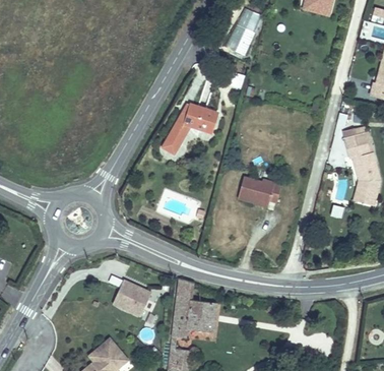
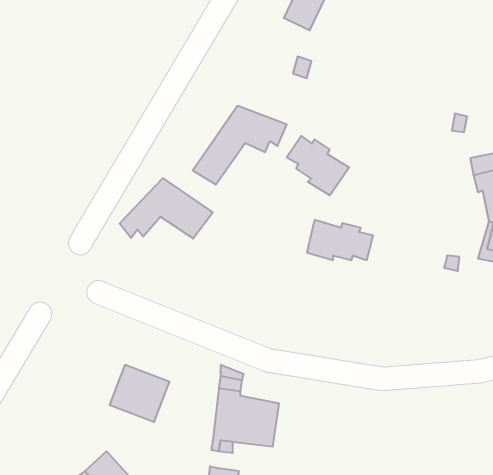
building: none -> [287,136,349,195]
building: none -> [120,178,213,239]

